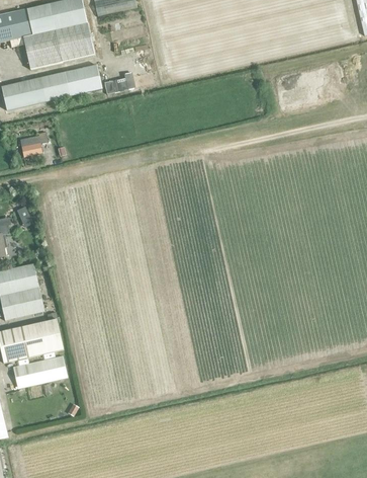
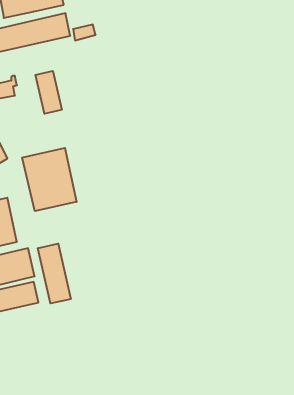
building: none -> [35,71,62,114]
building: none -> [22,148,77,211]
building: none -> [38,244,71,303]

